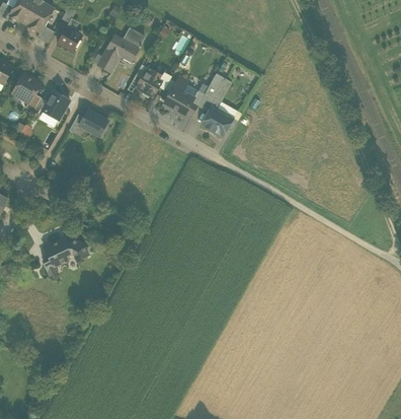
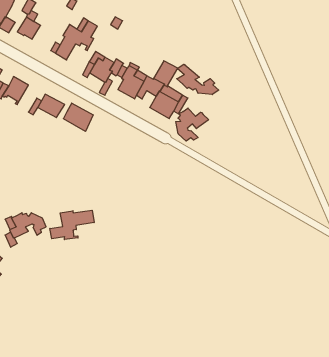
building: none -> [177,64,219,95]
building: none -> [63,103,93,131]
building: none -> [176,108,208,141]
building: none -> [50,210,94,240]

